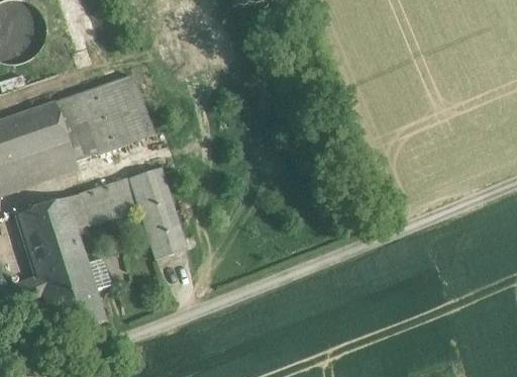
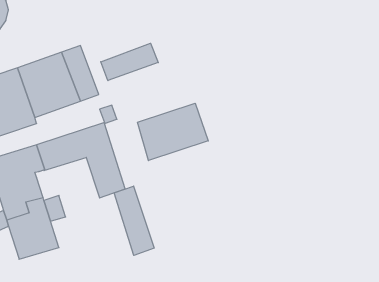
building: none -> [101,43,158,81]
building: none -> [137,103,208,161]
building: none -> [114,186,154,255]

